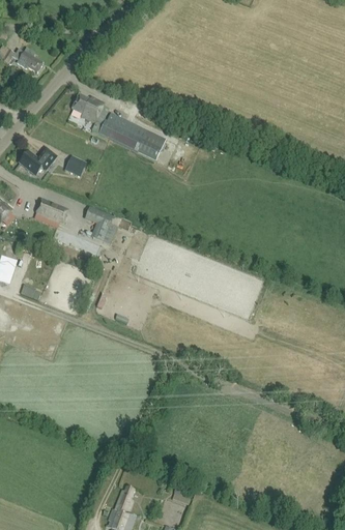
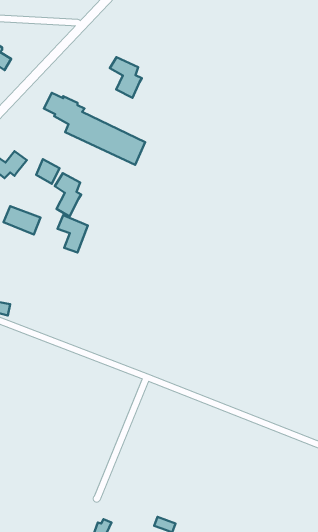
building: none -> [110,57,142,98]
building: none -> [55,173,81,217]

